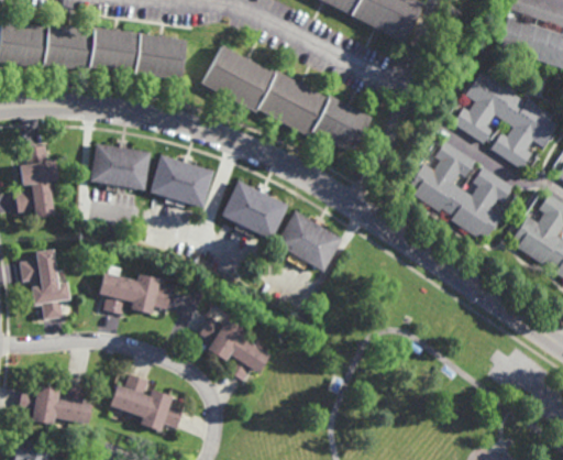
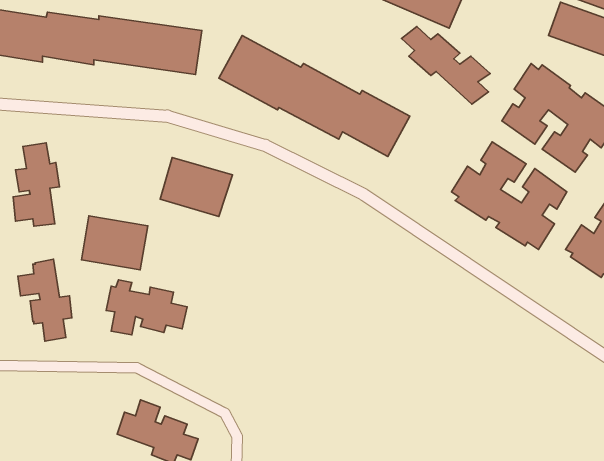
building: none -> [402,26,490,104]
building: [90,143,150,191] -> [82,216,148,270]
building: [221,182,287,238] -> none
building: [276,210,343,270] -> none
building: [201,317,272,380] -> none
building: [19,382,91,423] -> none

